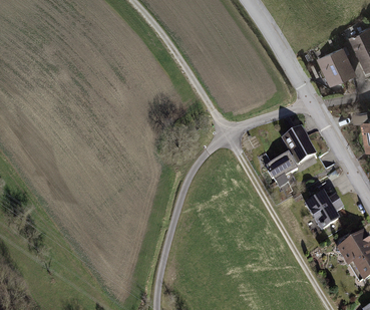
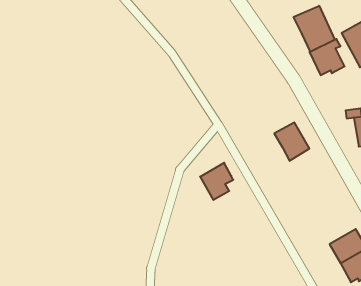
building: none -> [294,6,335,52]
building: [266,152,299,190] -> [200,163,233,200]
building: [305,194,344,233] -> none

